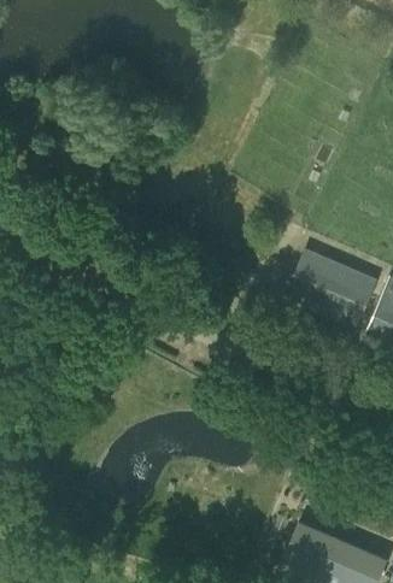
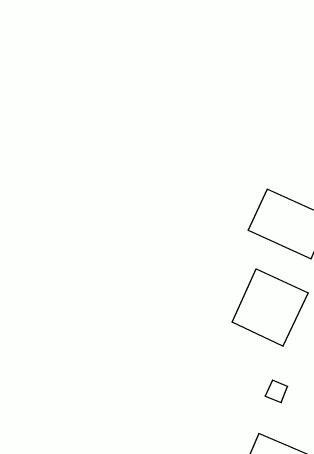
building: none -> [232,269,308,346]

